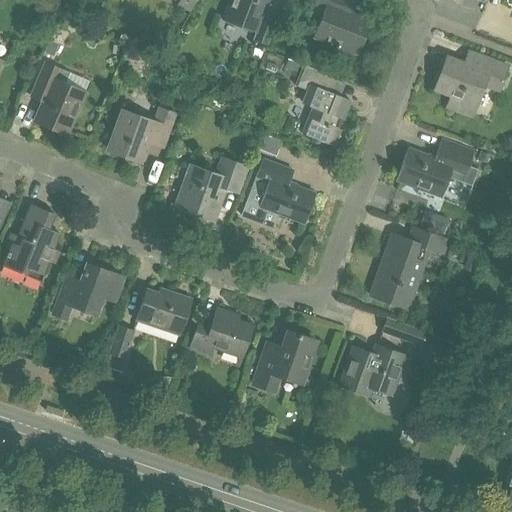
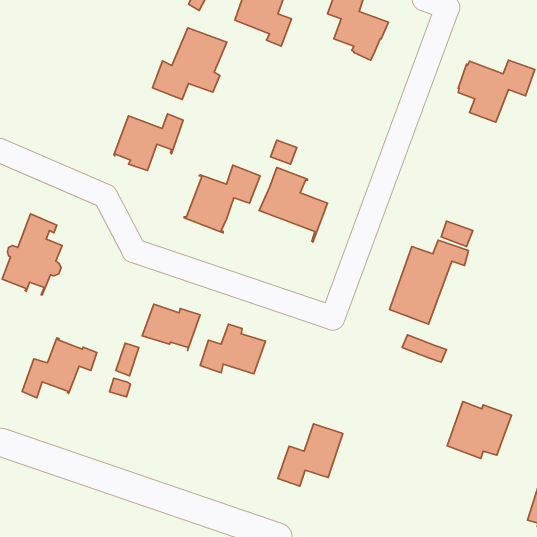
building: none -> [152,28,227,100]
building: [289,58,350,147] -> none
building: [31,62,83,135] -> none
building: [397,139,474,198] -> none
building: [53,262,124,319] -> [22,338,97,398]
building: [254,331,316,390] -> [278,424,343,486]
building: [343,342,404,396] -> [447,402,511,458]

